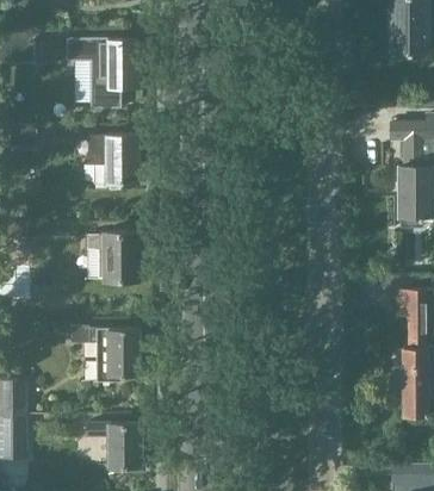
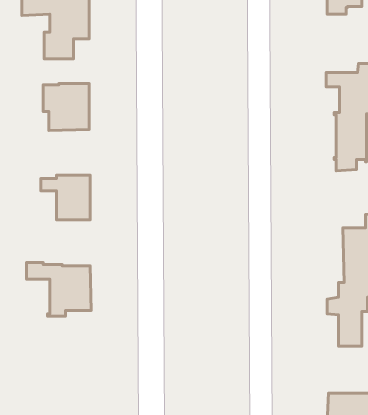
building: [83,423,142,472] -> none

